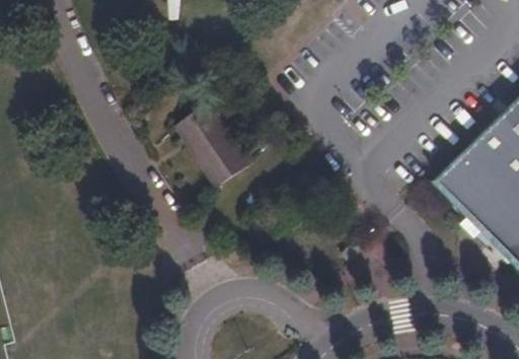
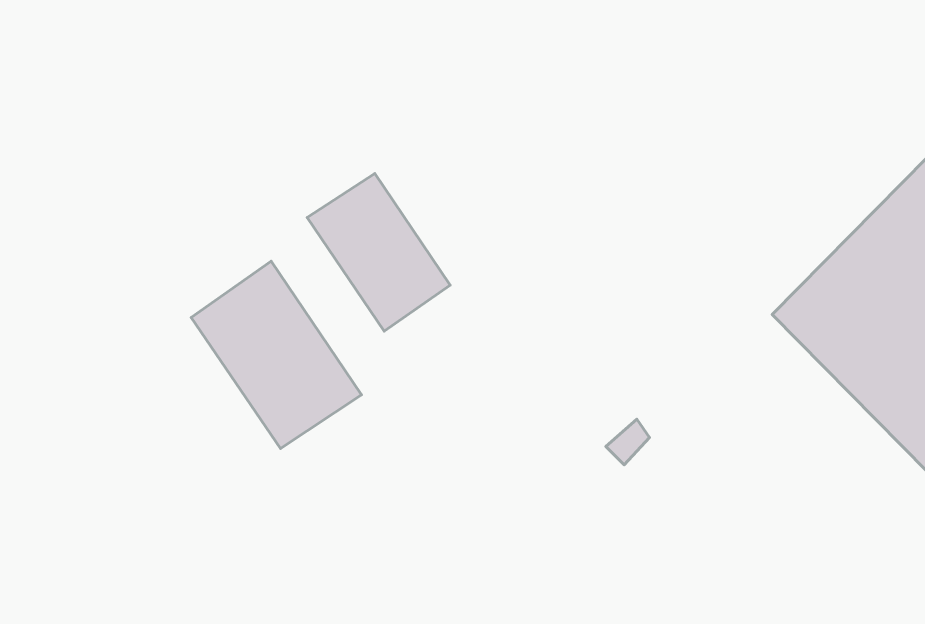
building: none -> [191,261,362,449]

